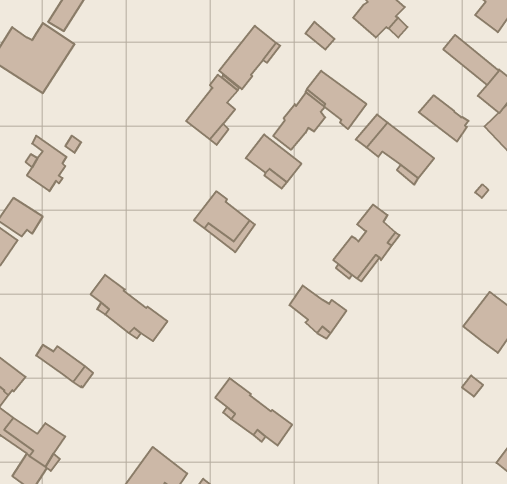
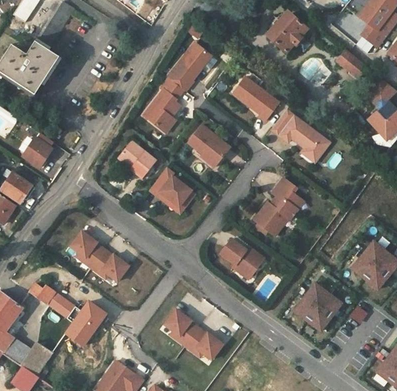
building: [273,92,325,150] -> none
building: [419,95,469,142] -> none
building: none -> [118,139,160,177]
building: none -> [293,283,339,330]
building: none -> [65,301,105,345]

